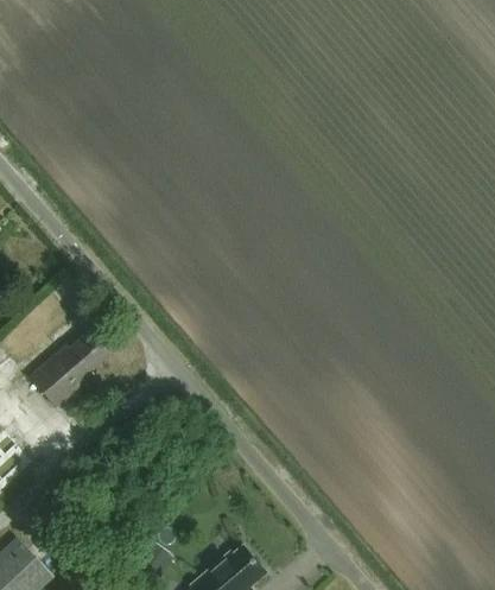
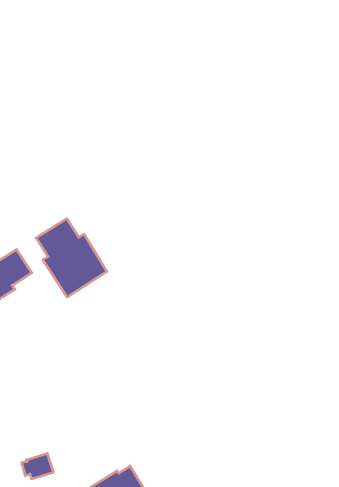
building: none -> [36,219,107,297]

